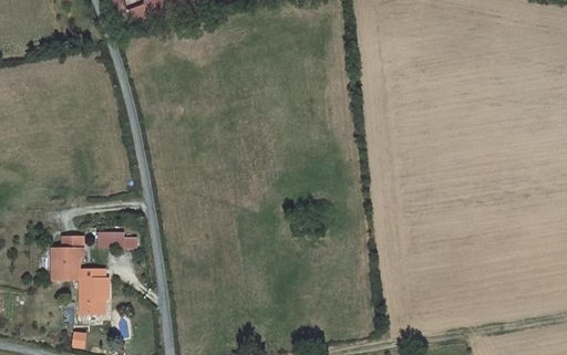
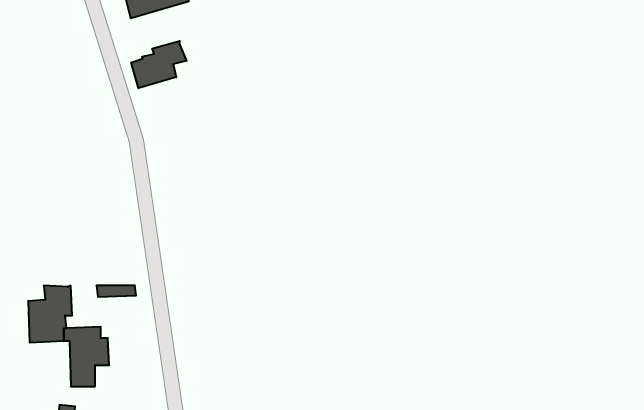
building: none -> [131,41,187,88]

